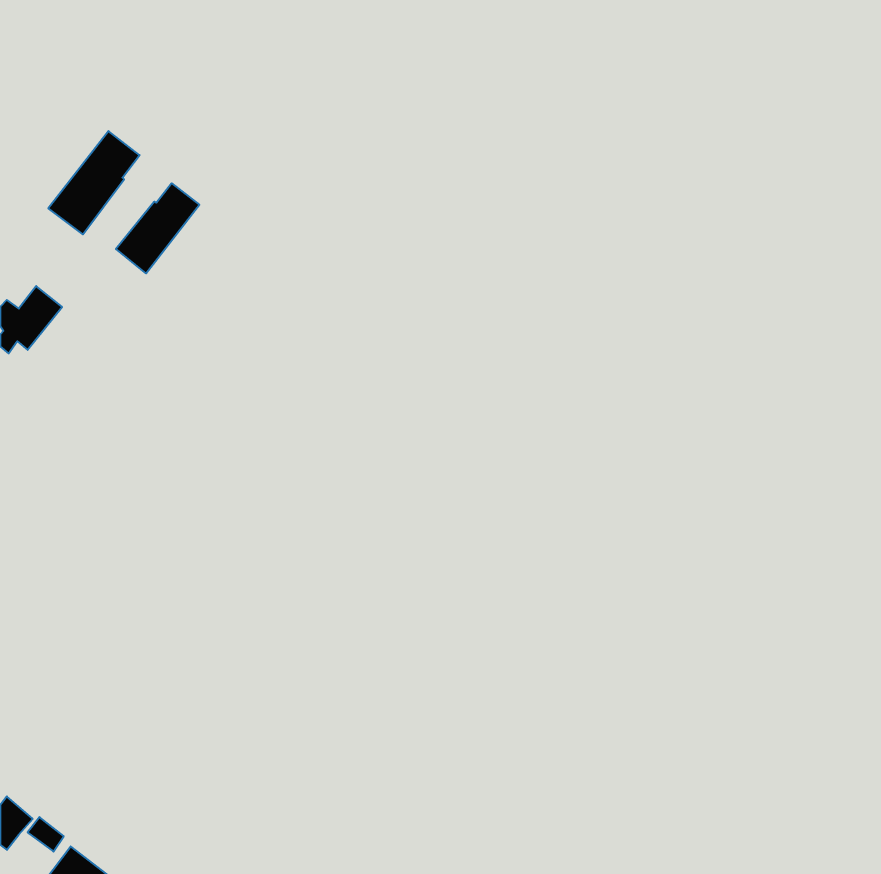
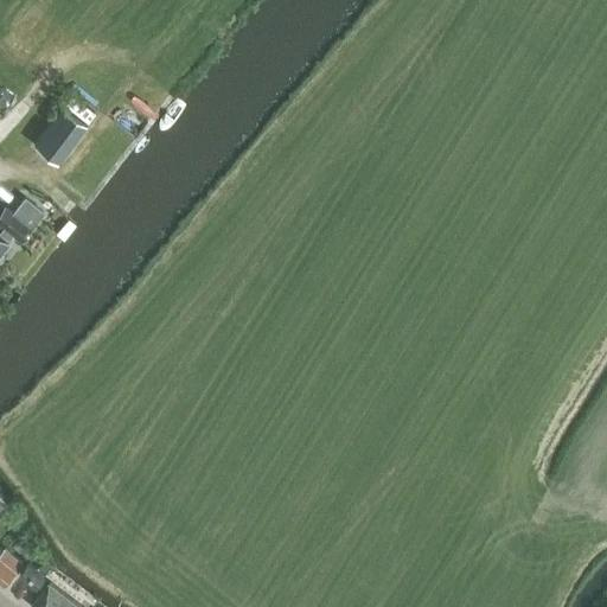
building: [116,183,199,273] -> none

